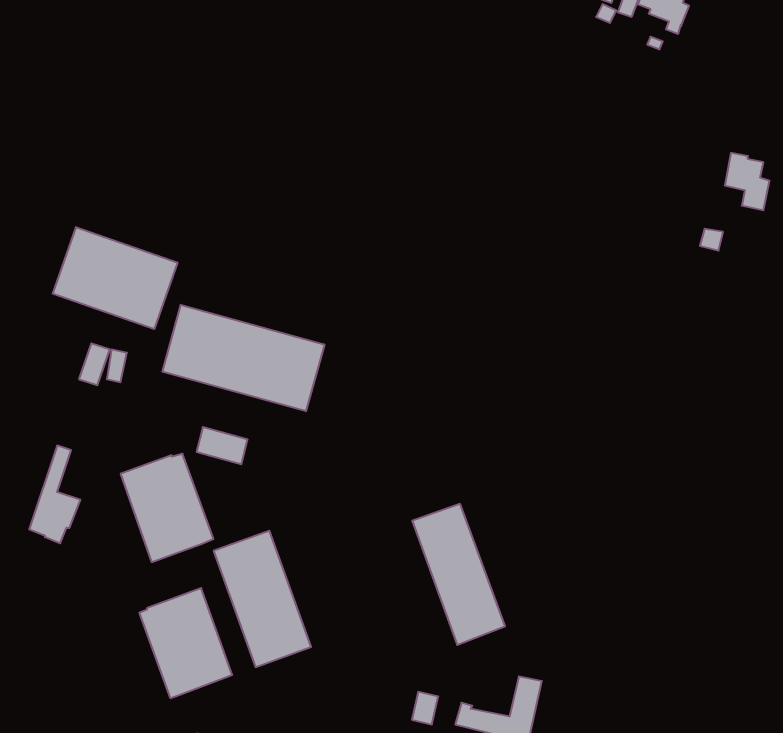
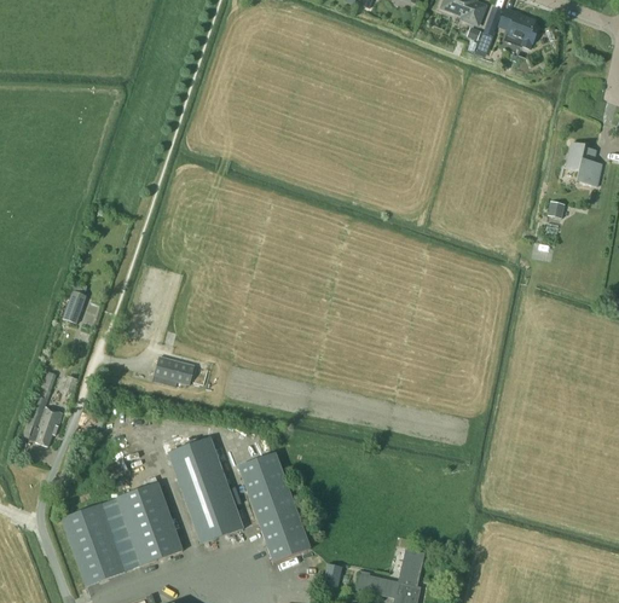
building: [53,227,177,329] -> none
building: [162,305,324,411] -> none
building: [121,454,213,562] -> [62,501,134,586]
building: [412,504,505,645] -> [238,453,311,563]

